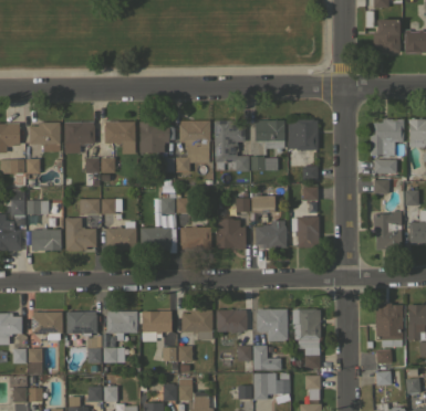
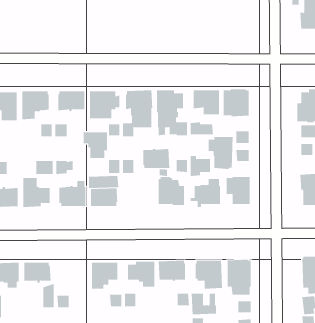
building: none -> [83,131,108,159]
building: none -> [208,136,233,170]
building: [180,226,211,249] -> [142,148,170,168]
building: [106,312,137,334] -> none

